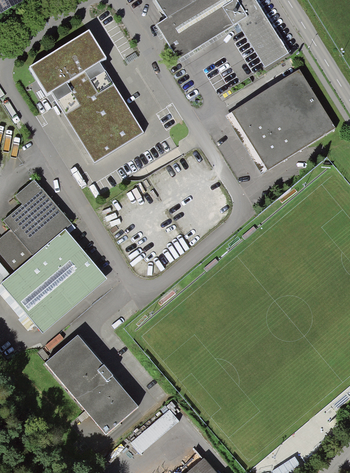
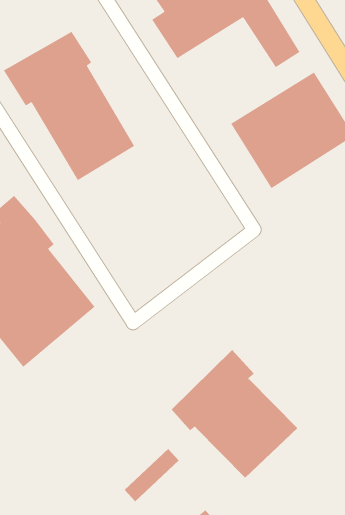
building: none -> [171,349,298,479]
building: [43,339,134,438] -> none

